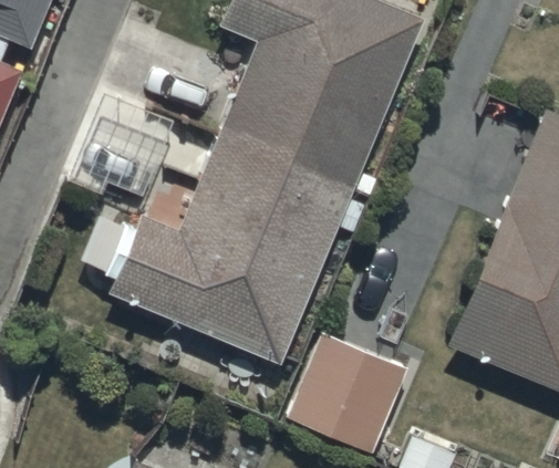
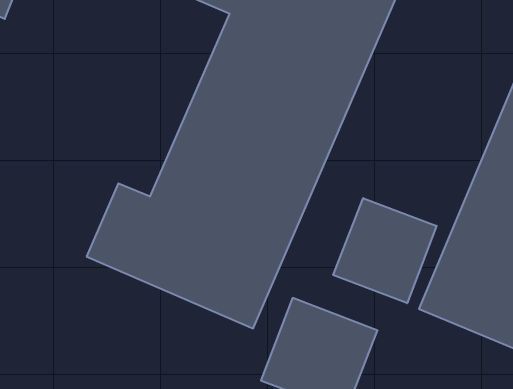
building: none -> [333,198,437,303]

